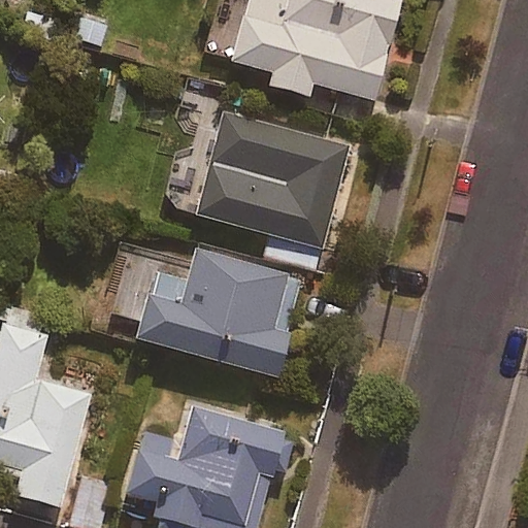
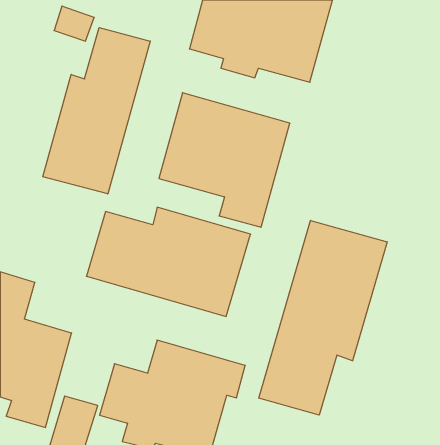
building: none -> [43,28,150,194]
building: none -> [259,220,387,415]

